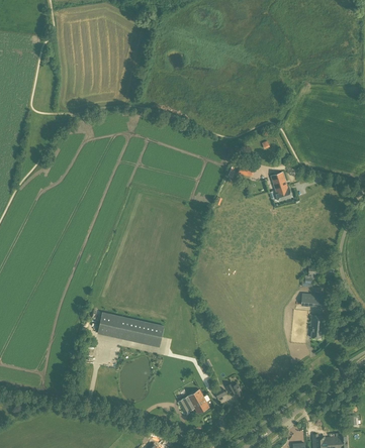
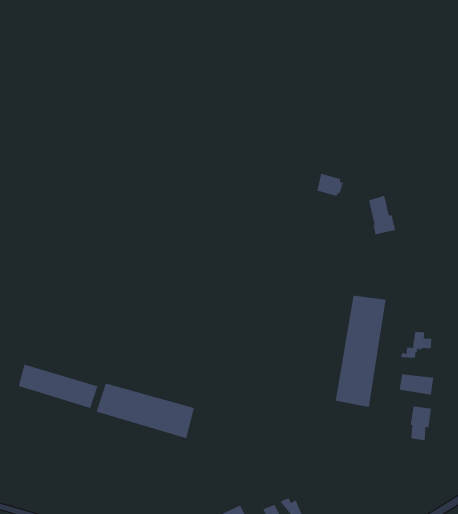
building: none -> [335,295,386,408]
building: none -> [18,364,98,409]

